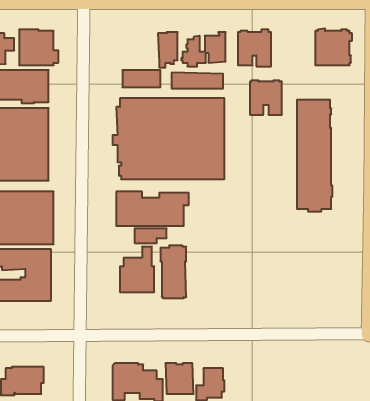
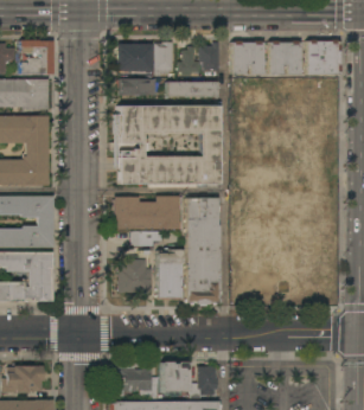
building: none -> [117,43,153,71]
building: [250,80,282,115] -> [269,40,300,73]
building: [297,100,332,211] -> [186,197,221,305]

